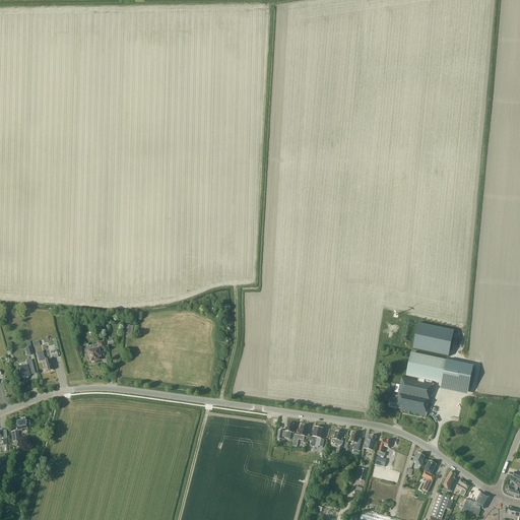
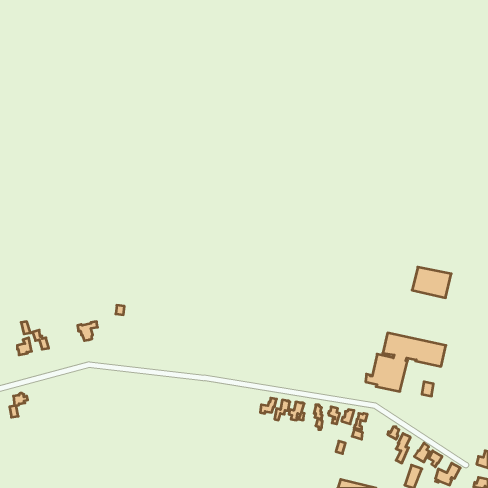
building: [412,324,454,356] -> [412,267,451,298]

